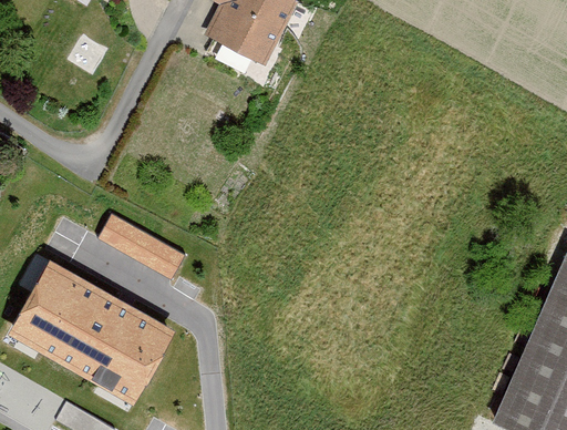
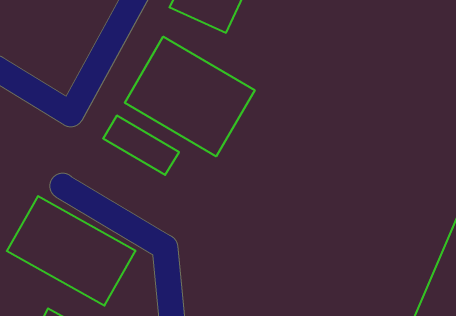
building: none -> [125,37,255,156]
building: [94,207,186,279] -> [103,116,179,175]

